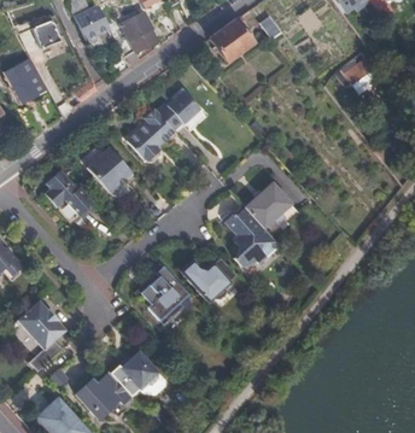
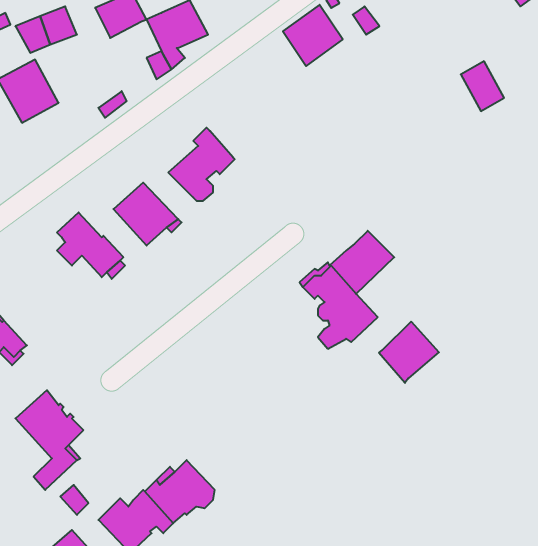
building: [157,90,200,129] -> none
building: none -> [379,322,439,383]
building: [180,256,235,300] -> none
building: [142,263,188,318] -> none

